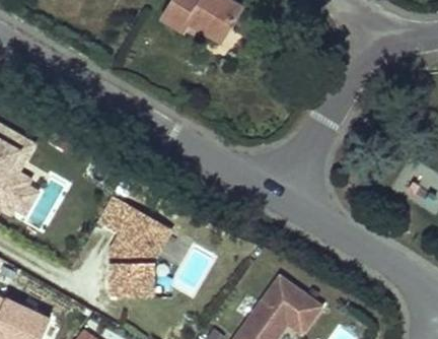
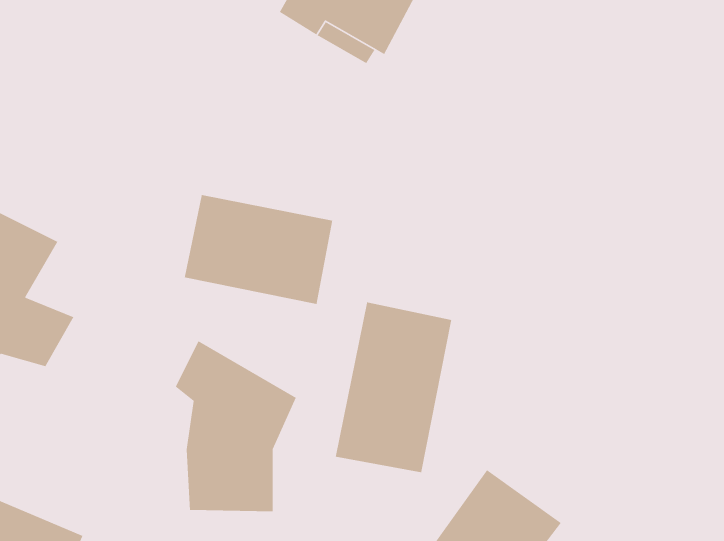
building: none -> [184,194,333,305]
building: none -> [335,302,452,473]

